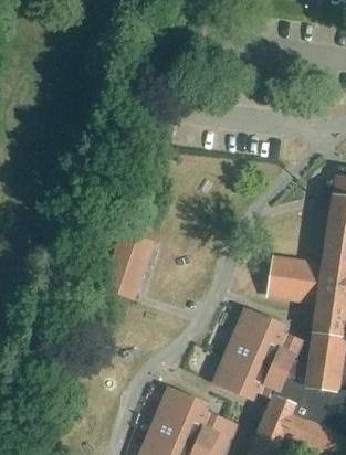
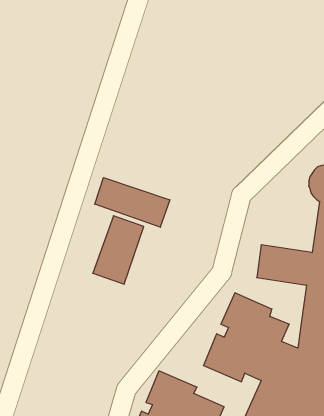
building: none -> [95,178,170,227]

